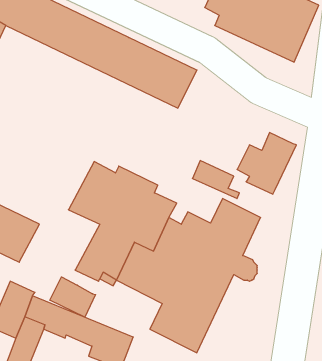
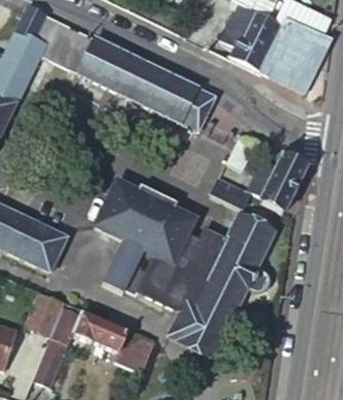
building: [50,277,96,317] -> none

